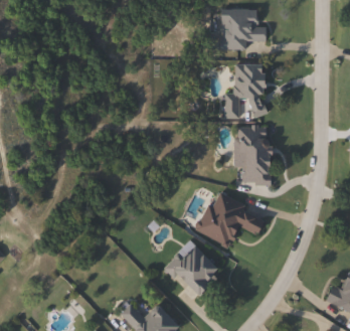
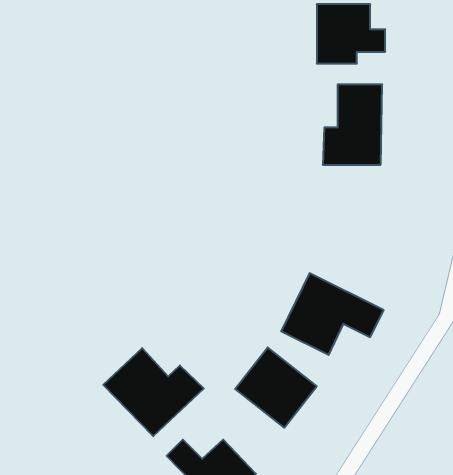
building: [235,127,272,184] -> none
building: none -> [103,348,204,436]

